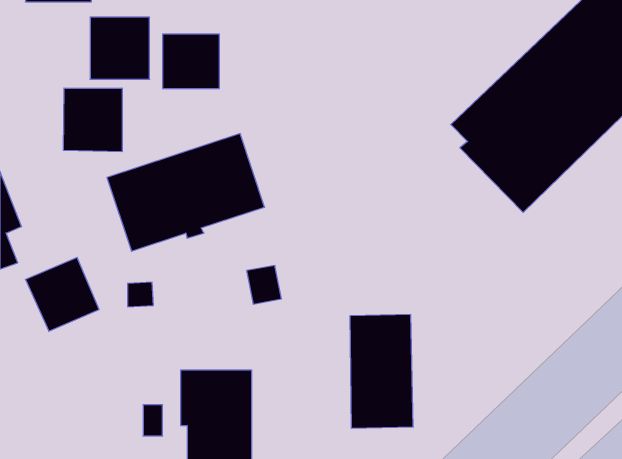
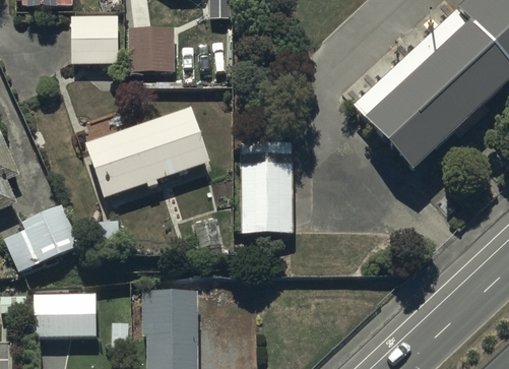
building: [63,88,122,152] -> none
building: [350,315,413,428] -> [241,145,291,235]
building: none -> [35,295,99,336]

